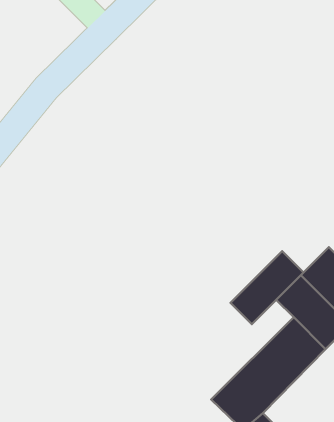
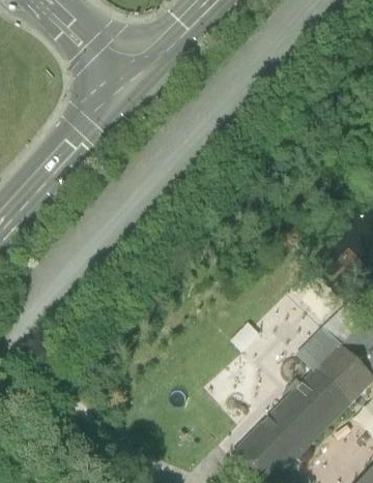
building: [231,251,303,324] -> none

